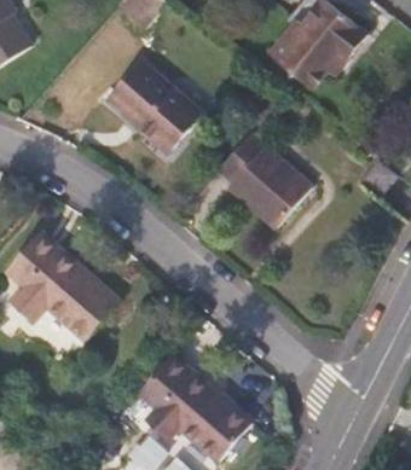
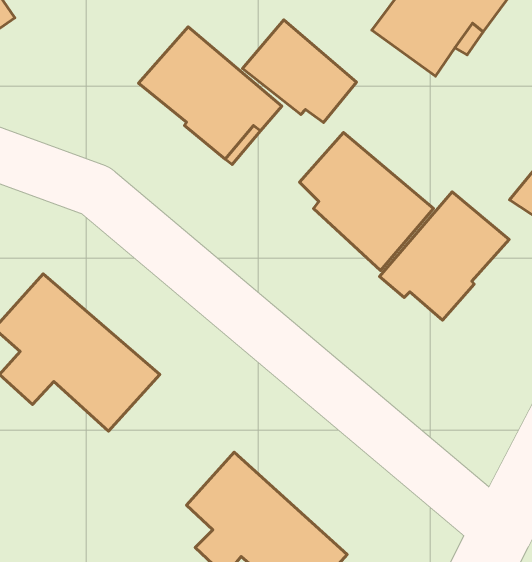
building: none -> [243,20,356,123]
building: none -> [380,192,509,320]

